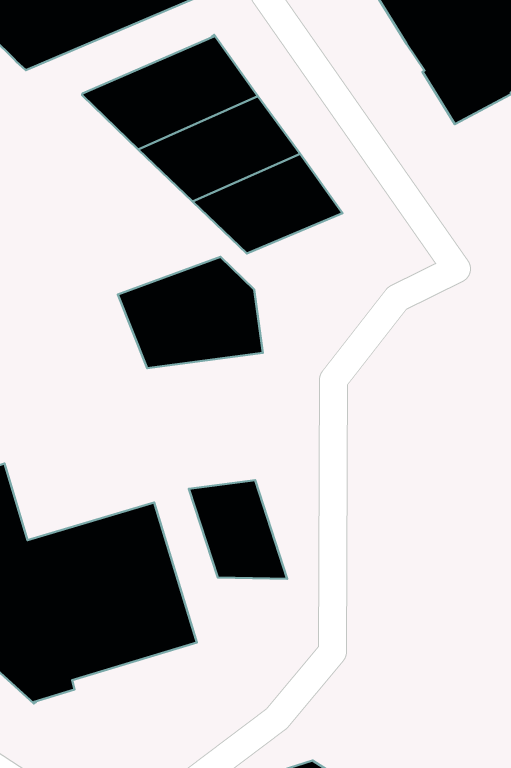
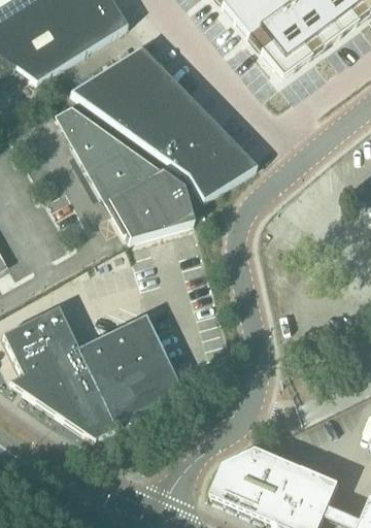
building: none -> [59,105,163,200]
building: none -> [177,135,258,199]
building: [189,480,287,579] -> none

